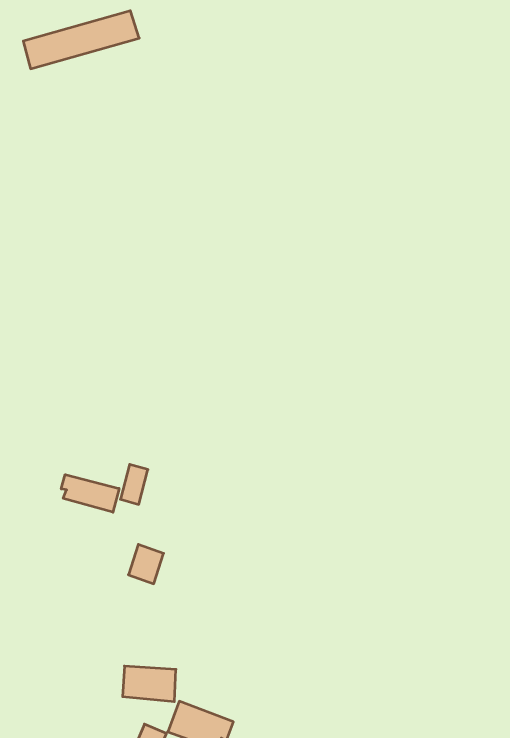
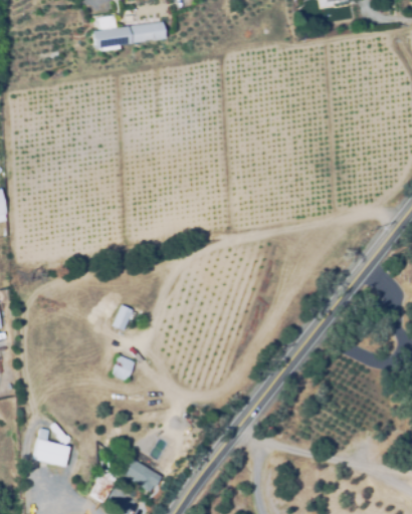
building: [61,475,119,512] -> none
building: [123,666,176,702] -> [34,440,70,467]

